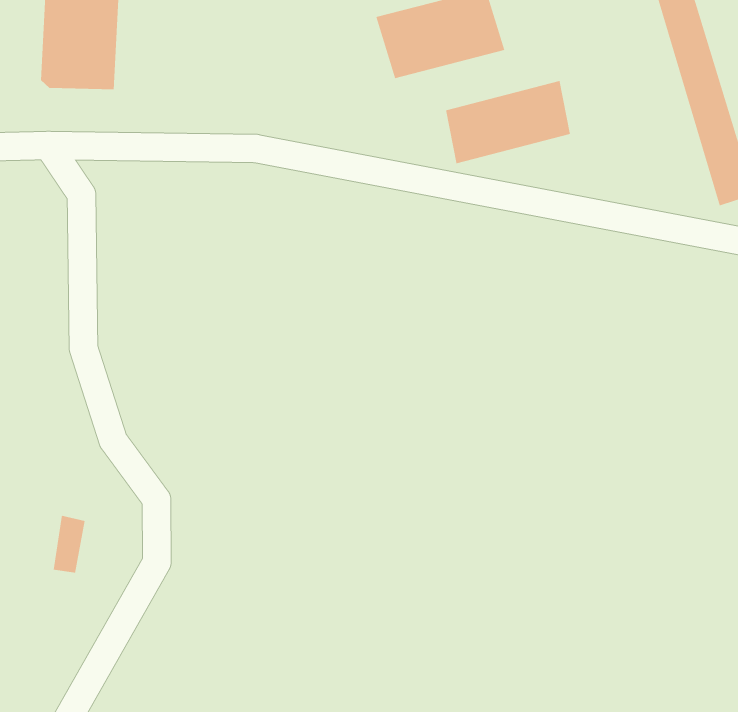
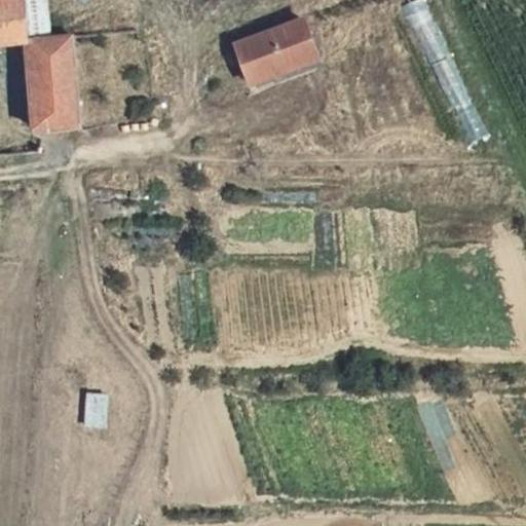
building: [445,80,571,164] -> none

